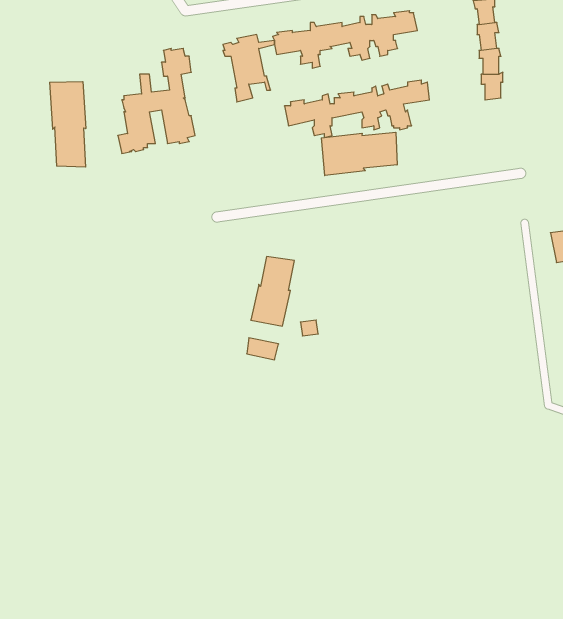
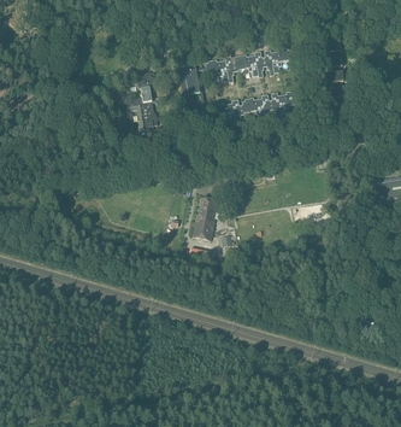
building: [50,82,86,167] -> none
building: [321,132,397,176] -> none

